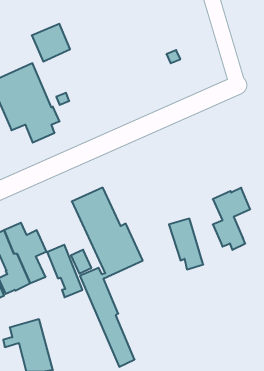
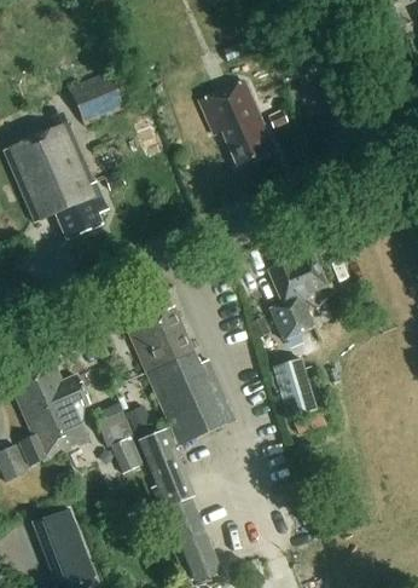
building: none -> [198,80,273,165]
building: [213,188,250,250] -> [268,253,324,345]

